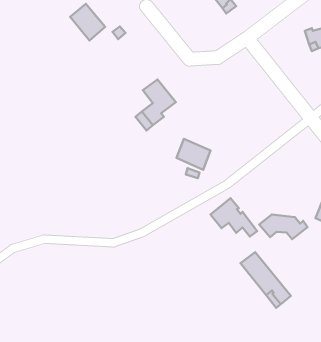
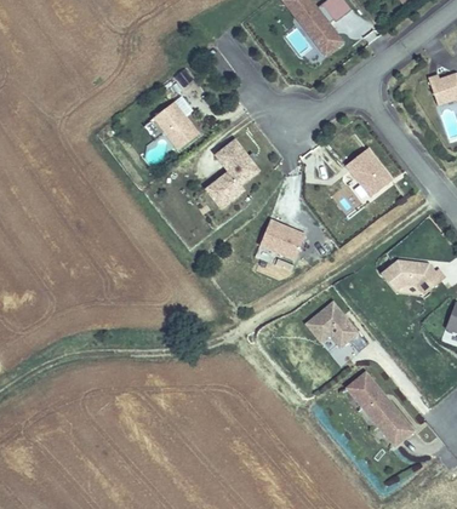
building: [70,4,105,41] -> [153,99,199,148]
building: none -> [347,149,393,198]
building: [259,214,308,239] -> [381,259,445,292]

